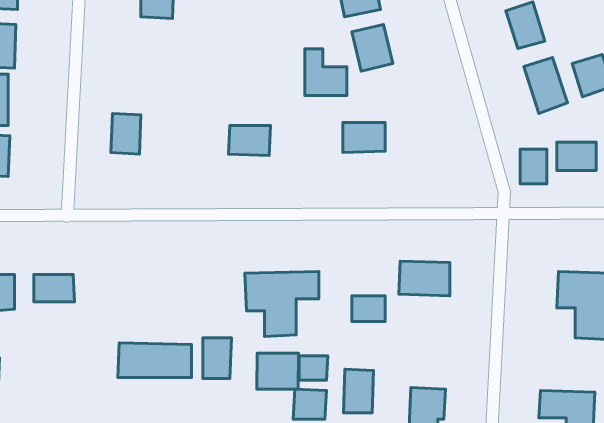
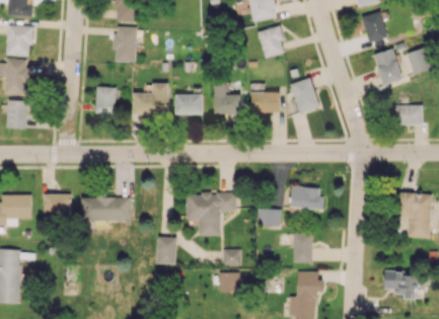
building: none -> [114,26,136,63]
building: [305,49,347,95] -> [214,82,242,113]
building: none -> [290,77,319,113]
building: none -> [133,83,168,114]
building: [520,149,547,184] -> none
building: [118,343,192,378] -> [80,196,130,220]
building: [257,353,298,389] -> none
building: [343,369,374,413] -> [292,233,312,262]

